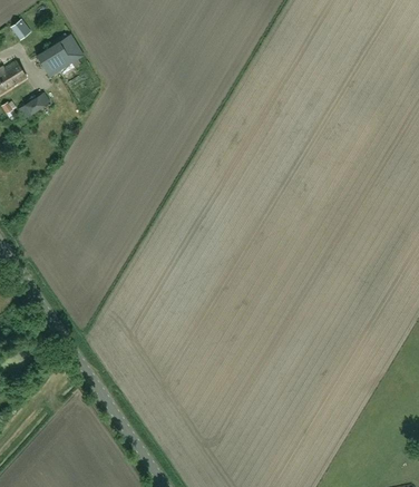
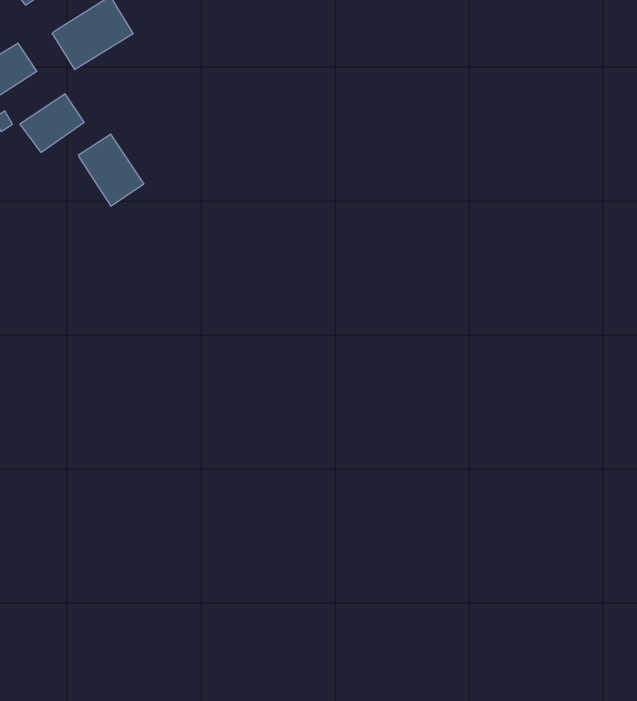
building: none -> [79,134,144,206]

